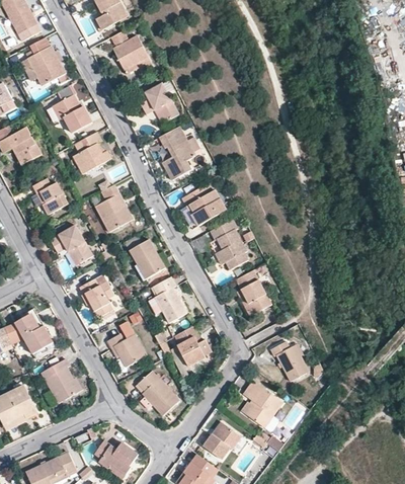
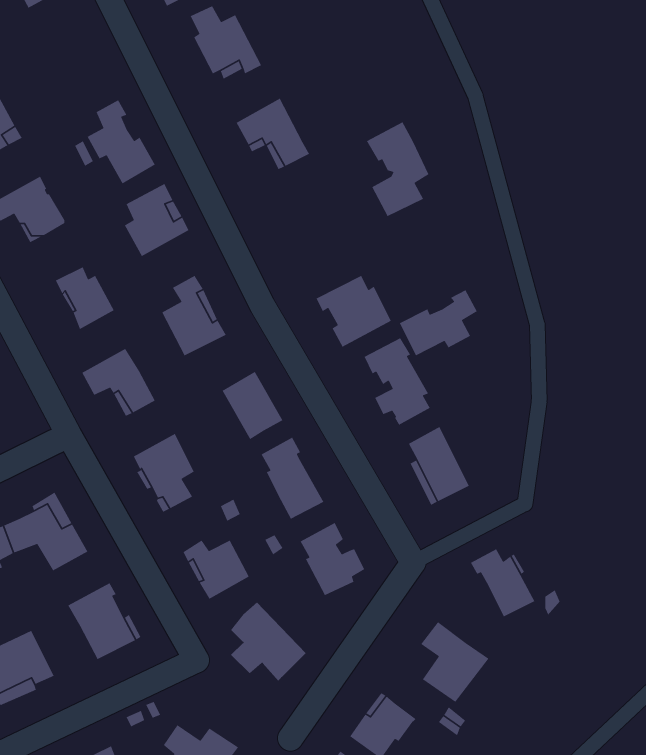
building: [27,45,66,85] -> none
building: [159,127,195,181] -> [366,121,430,217]
building: none -> [399,289,478,356]

